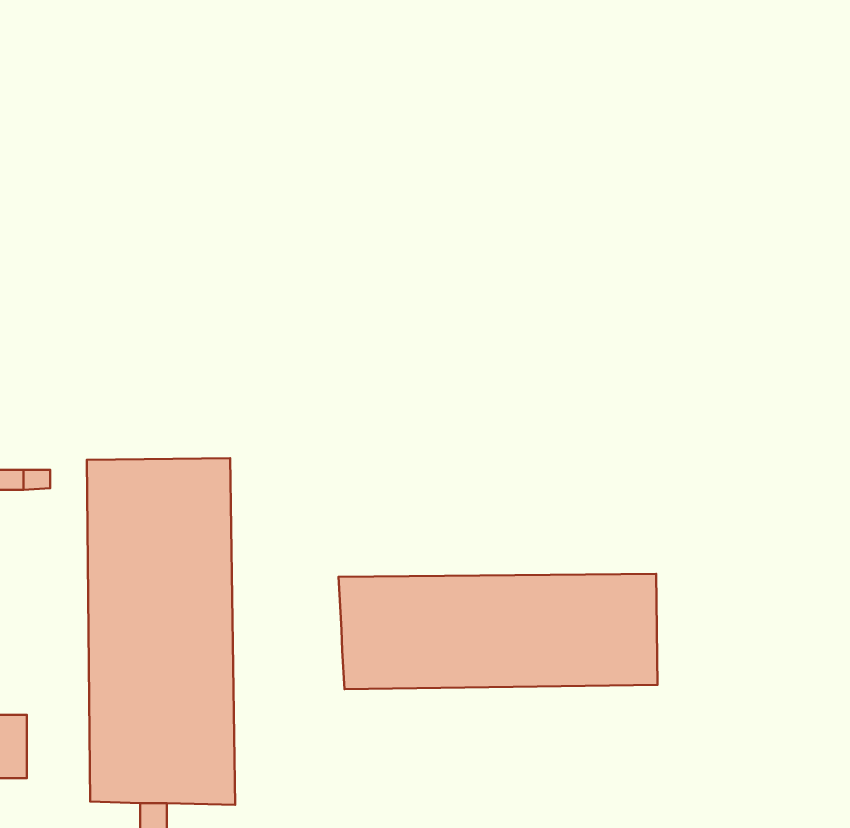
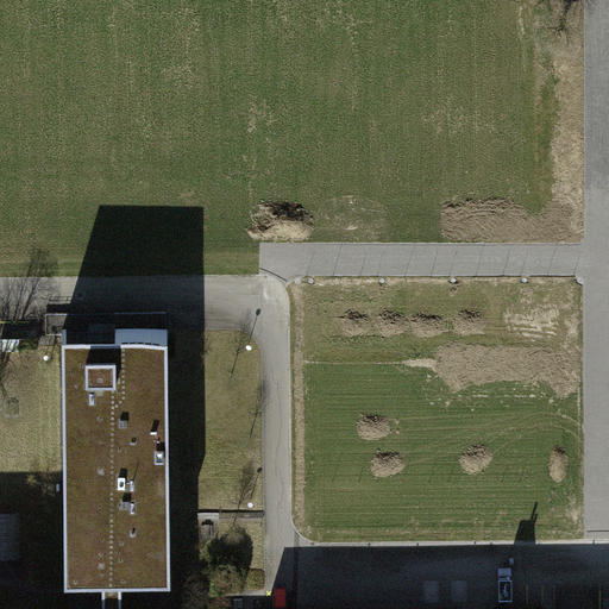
building: [339,574,657,689] -> none

